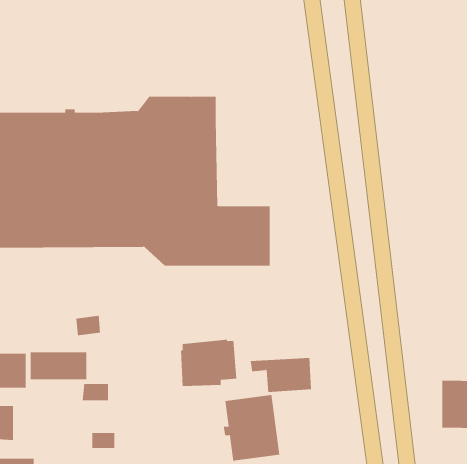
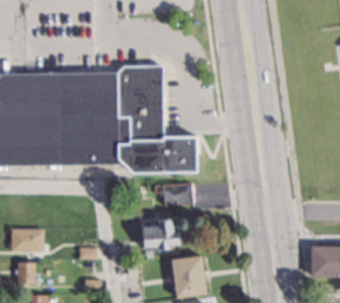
building: [30,352,87,380] -> none
building: [250,358,312,393] -> [153,184,193,206]

